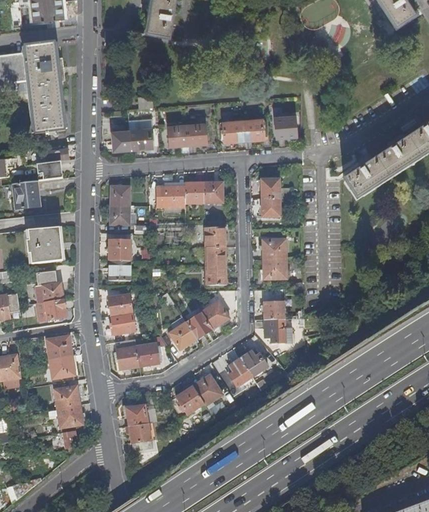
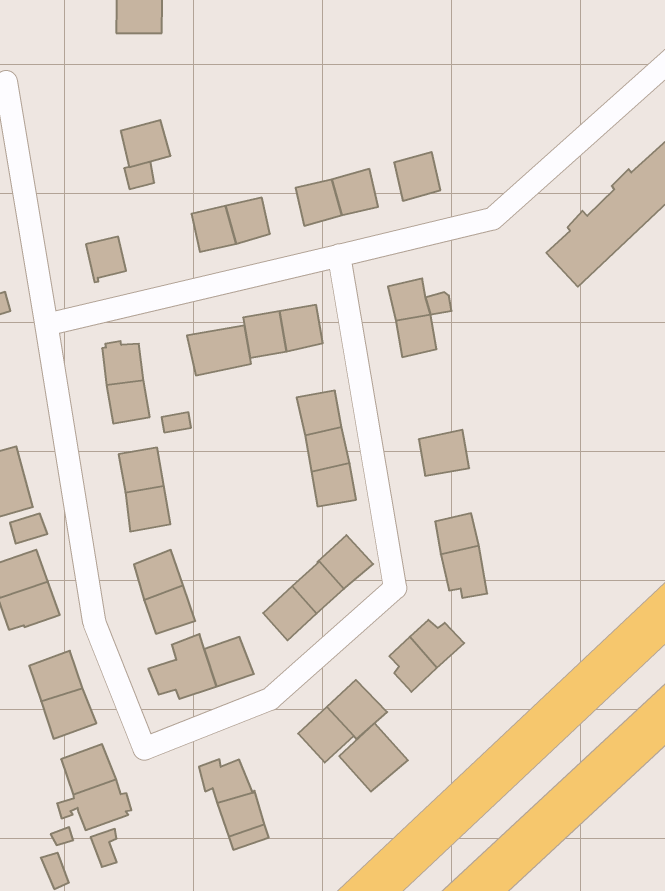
building: [129,127,152,148] -> [121,120,171,167]
building: [262,239,286,259] -> none
building: none -> [339,723,408,792]

